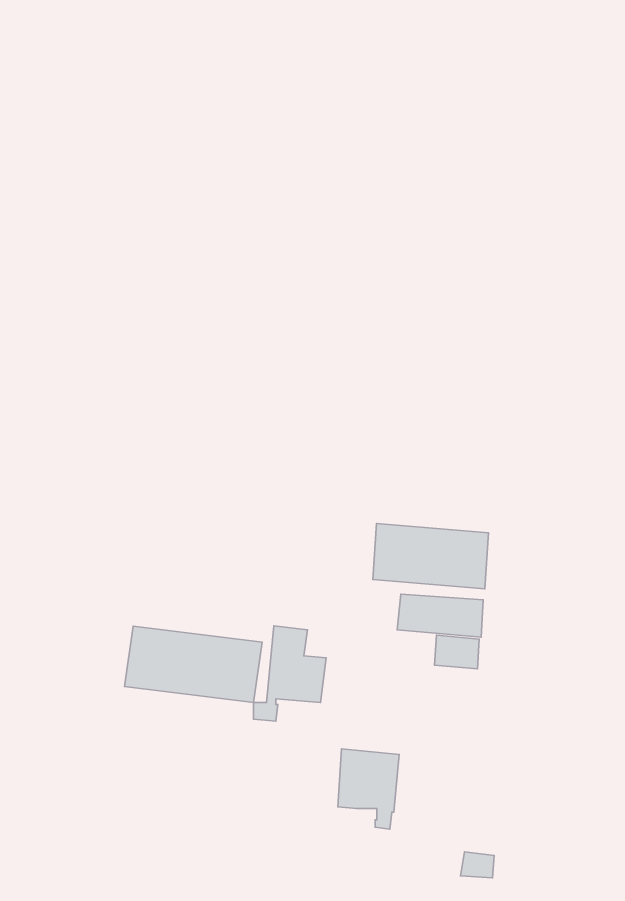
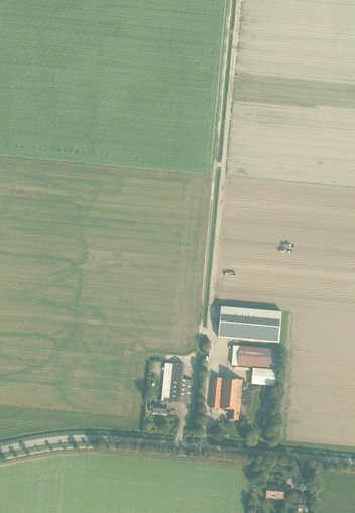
building: [125,626,262,702] -> none
building: [338,749,399,829] -> [209,376,242,419]

